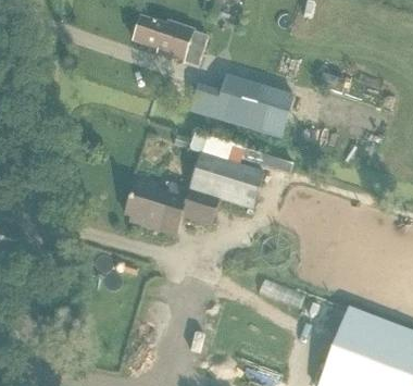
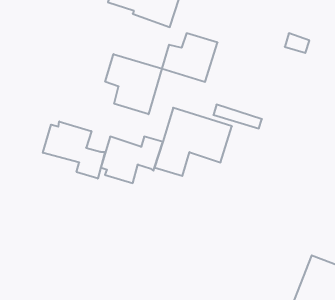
building: [235,82,293,138] -> none
building: none -> [105,54,162,114]
building: none -> [43,121,105,179]

